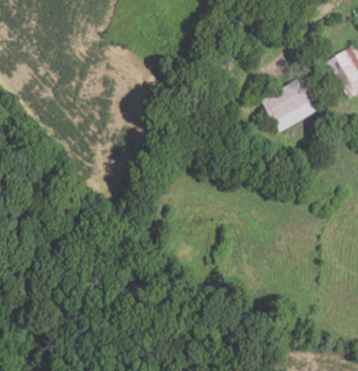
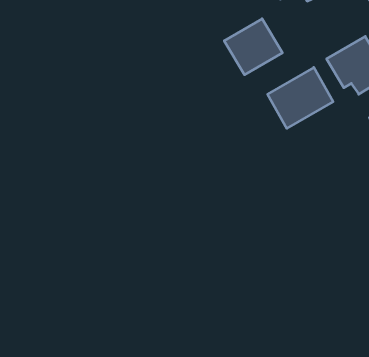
building: none -> [224,19,282,75]

